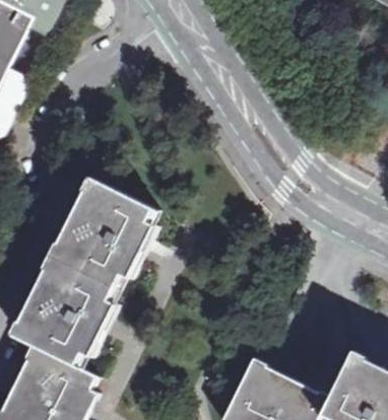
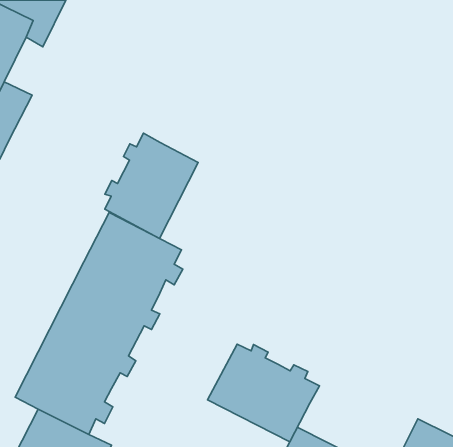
building: none -> [105,133,198,238]
building: none -> [208,344,319,442]

